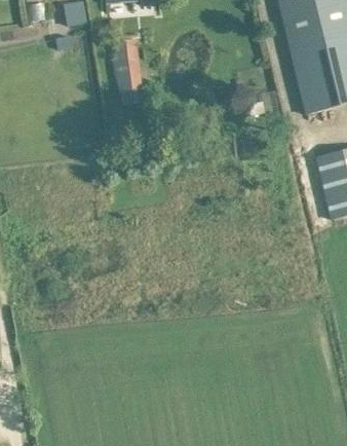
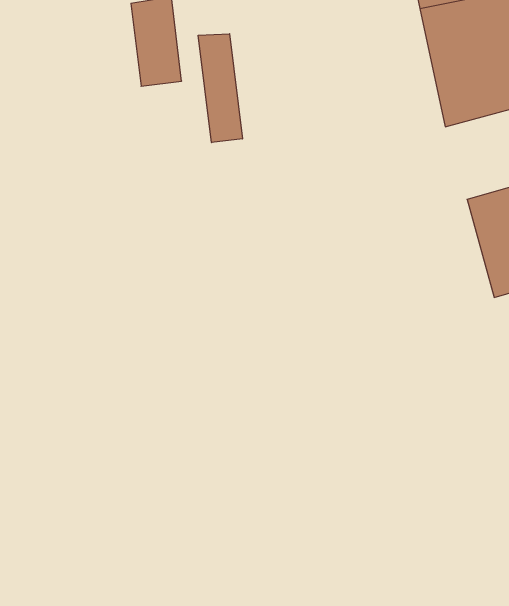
building: none -> [198,34,242,143]

